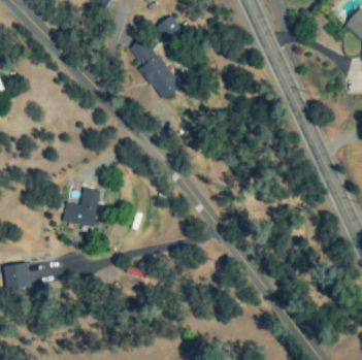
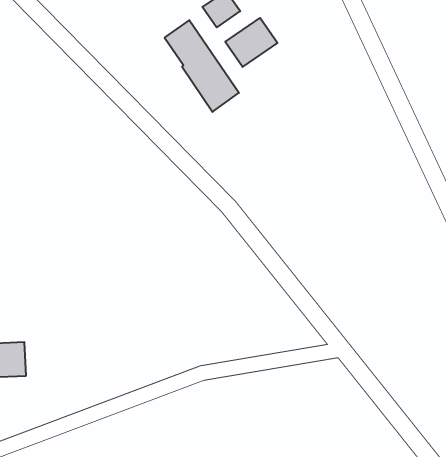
building: none -> [225,18,277,67]
building: [63,188,100,226] -> none

